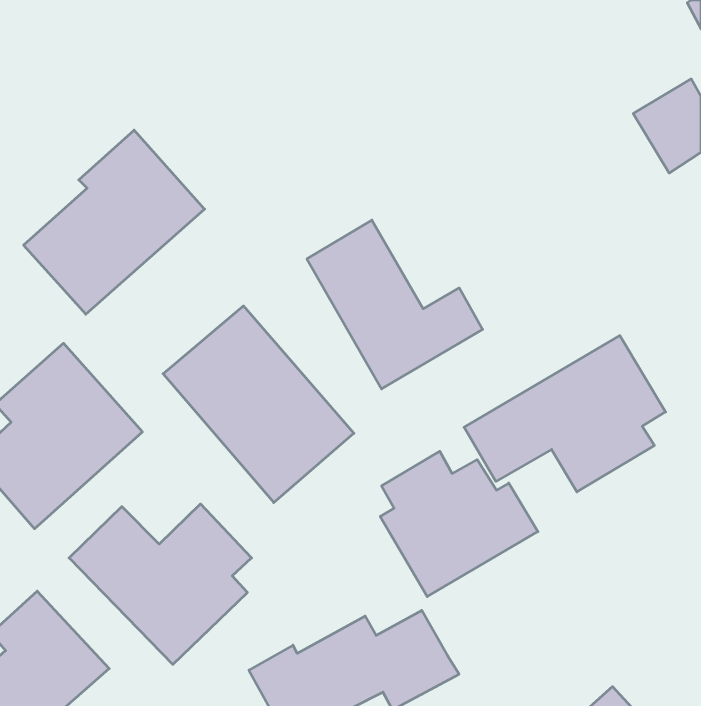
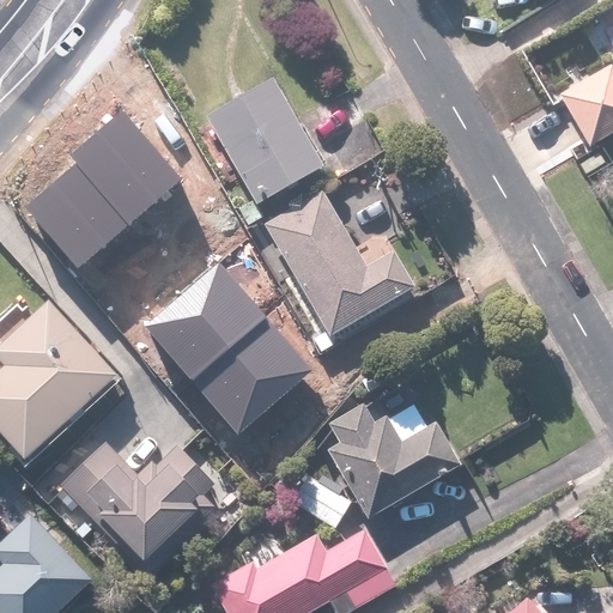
building: none -> [207,77,326,205]
building: [464,336,666,492] -> none

